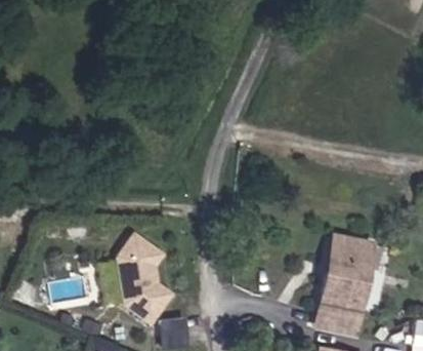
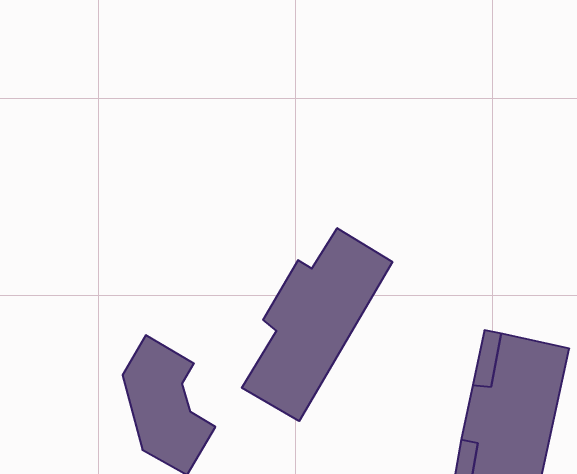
building: none -> [242,228,392,421]

